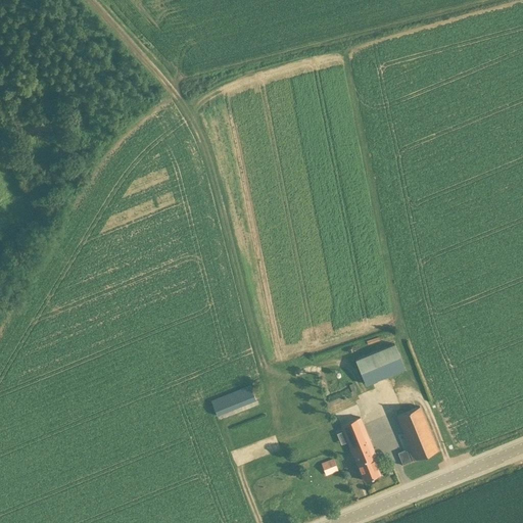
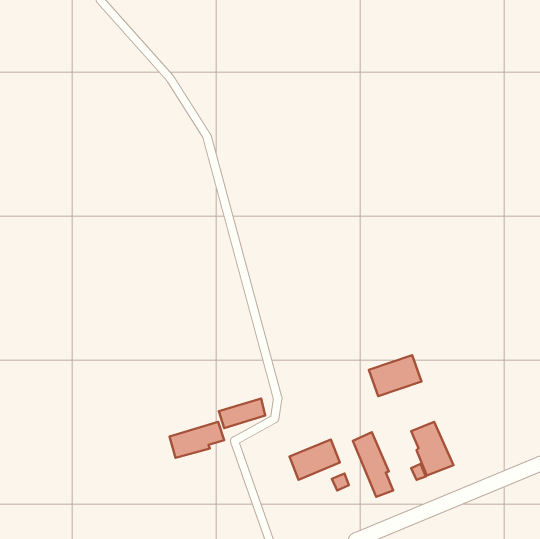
building: none -> [169,422,224,458]
building: none -> [289,439,340,480]

